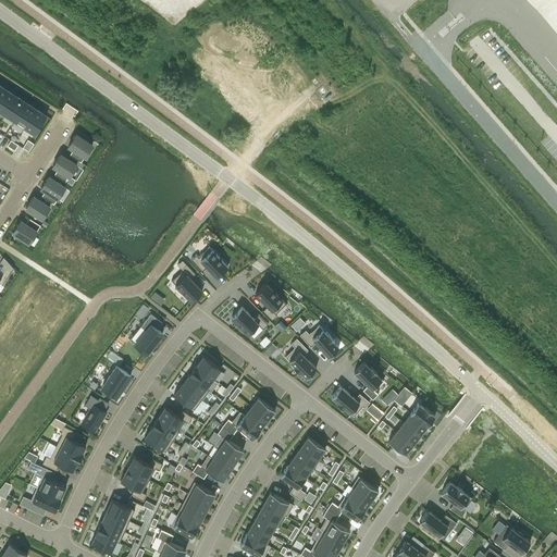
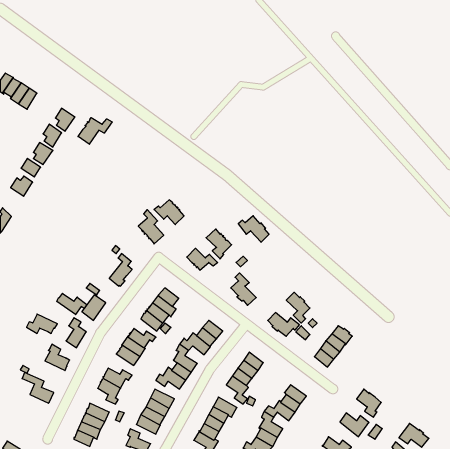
building: none -> [78,118,112,144]
building: [300,325,338,358] -> [238,216,269,242]
building: none -> [57,293,87,315]
building: [42,447,81,471] -> [27,314,57,333]
building: [20,488,61,512] -> none

